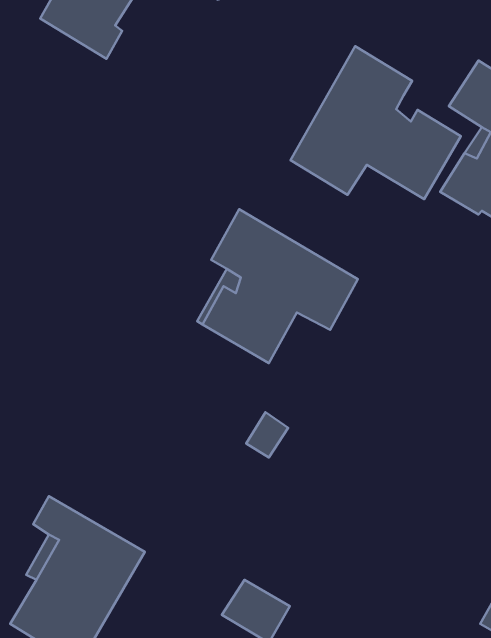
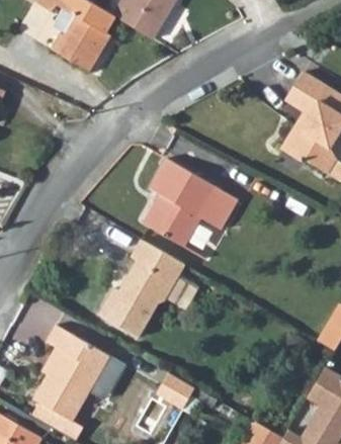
building: [290,46,461,199] -> none
building: none -> [95,239,185,337]

